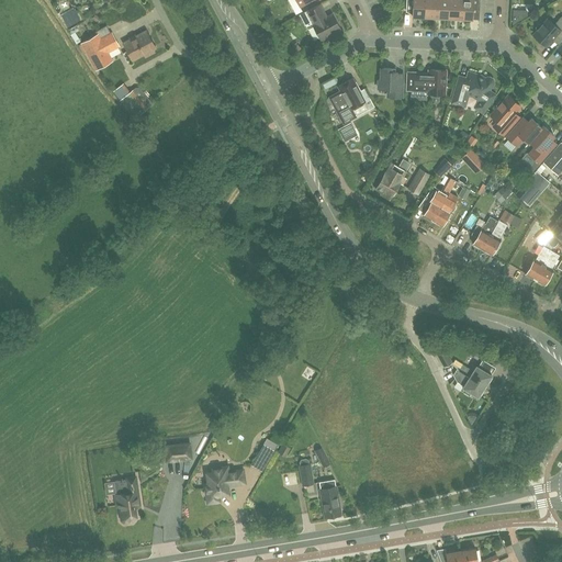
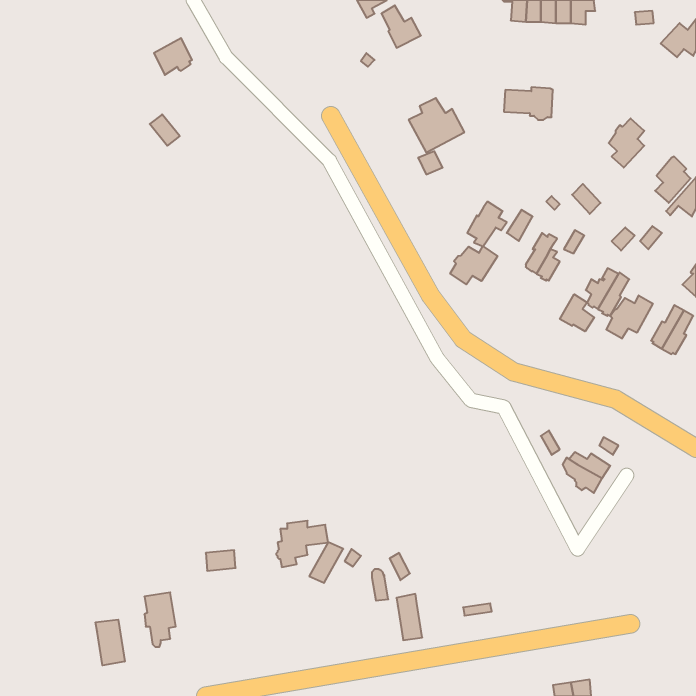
building: [82,33,119,69] -> none
building: [378,68,403,98] -> none
building: [451,71,495,113] -> none
building: [505,116,541,146] -> none
building: none -> [450,246,497,284]
building: none -> [560,294,594,331]
building: none -> [606,295,653,339]
building: [203,465,245,503] -> [276,521,328,567]
building: none -> [96,620,125,665]

